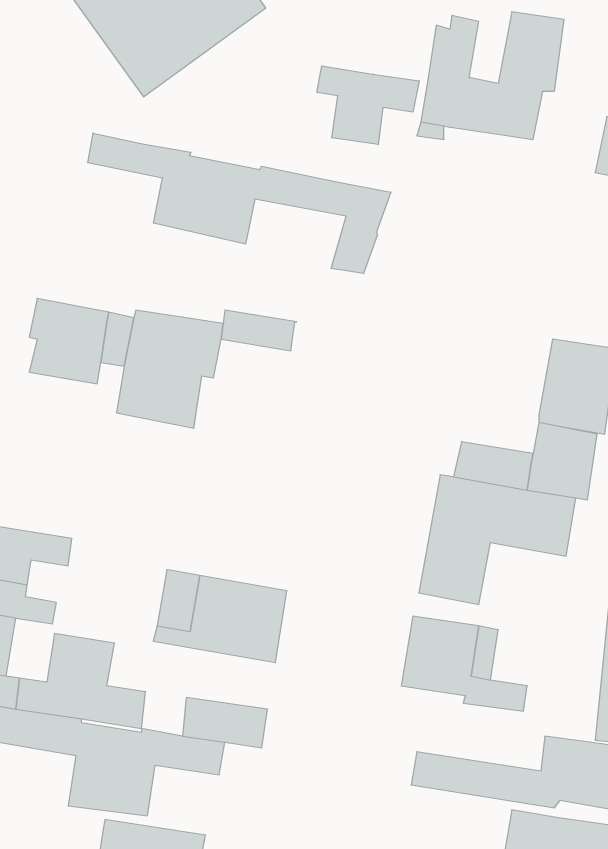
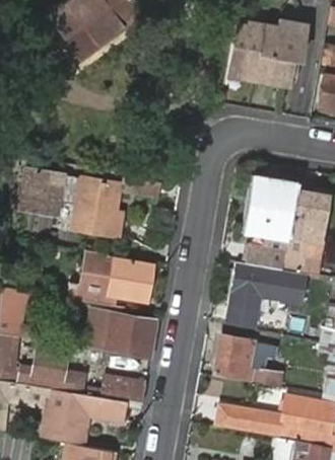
building: [317,66,419,145] -> none
building: [88,133,391,274] -> none
building: none -> [251,184,295,230]
building: none -> [69,250,154,307]

